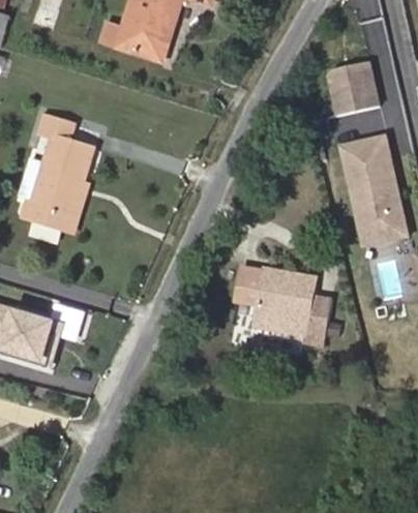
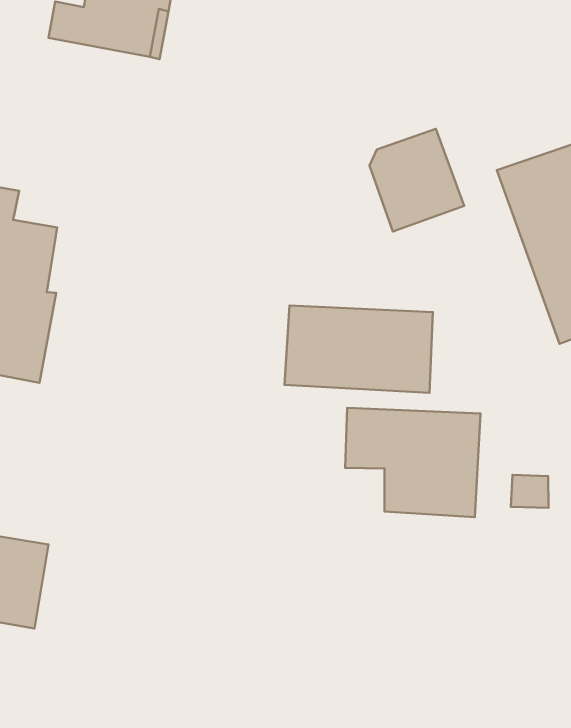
building: [328,62,378,116] -> [369,129,464,232]
building: none -> [285,306,433,393]

